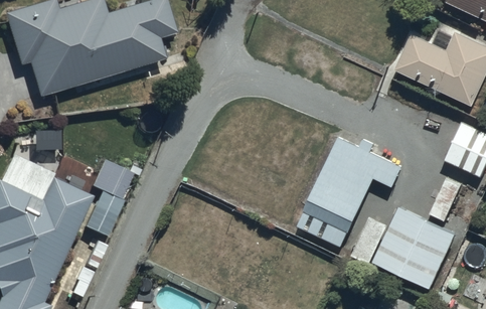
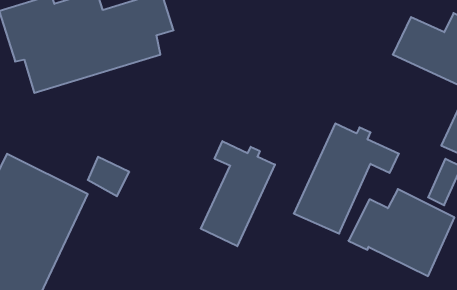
building: none -> [201,141,275,246]

